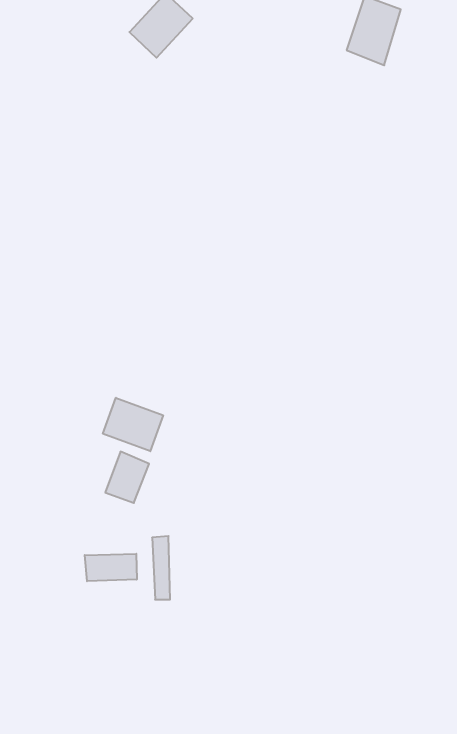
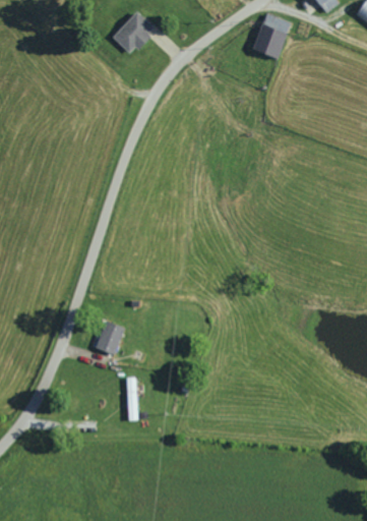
building: [103,398,163,451] -> none
building: [85,554,137,581] -> none

